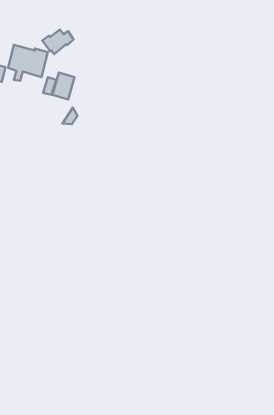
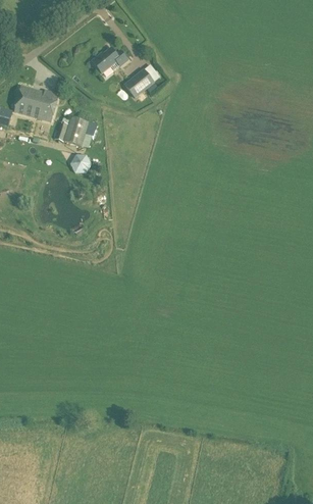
building: none -> [122,67,153,97]
building: [42,29,74,54] -> [91,48,125,75]

